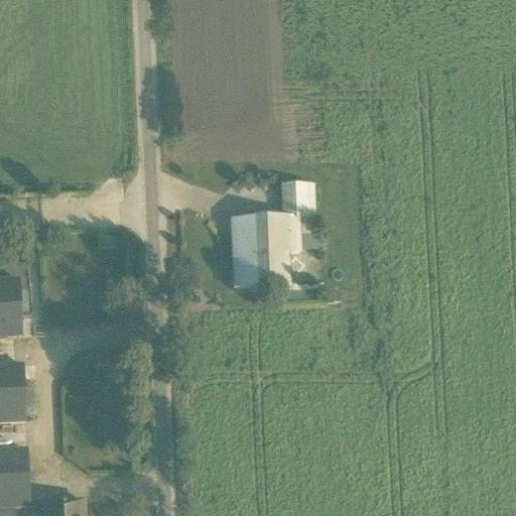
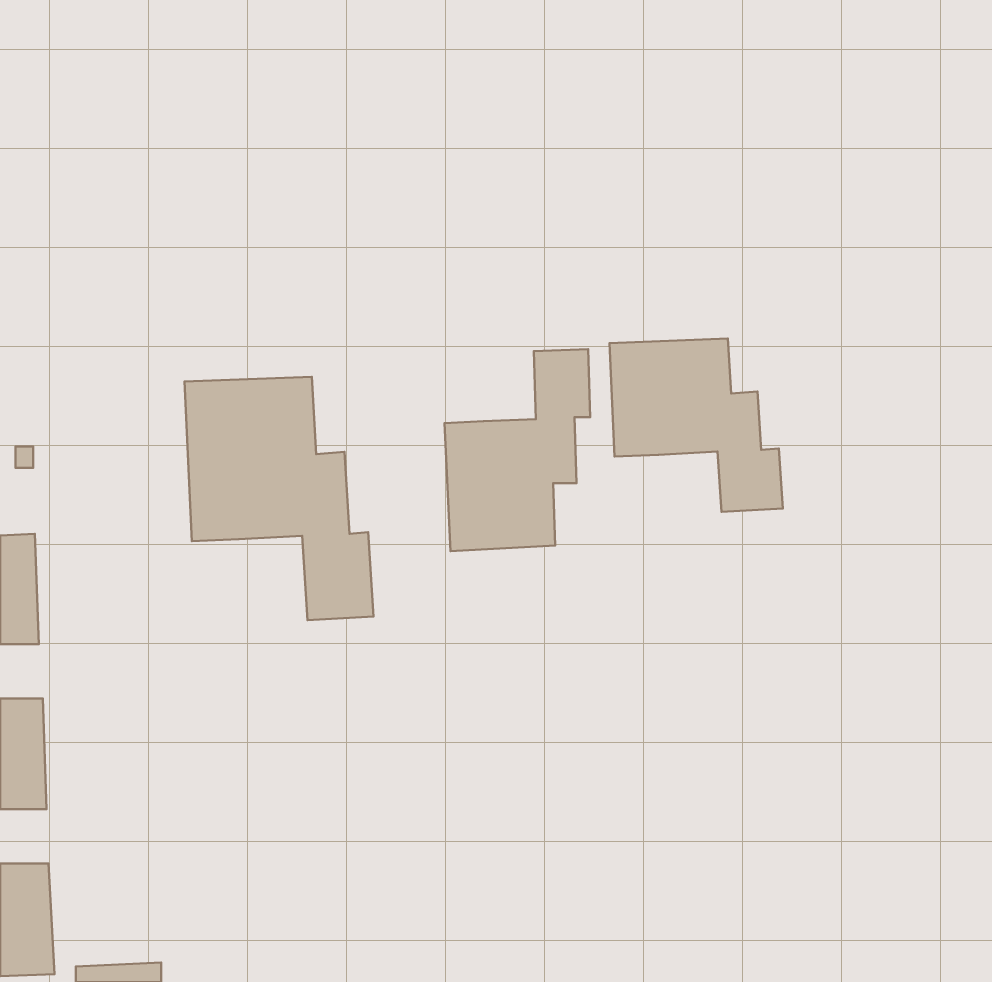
building: none -> [609,339,783,512]
building: none -> [184,377,373,620]

